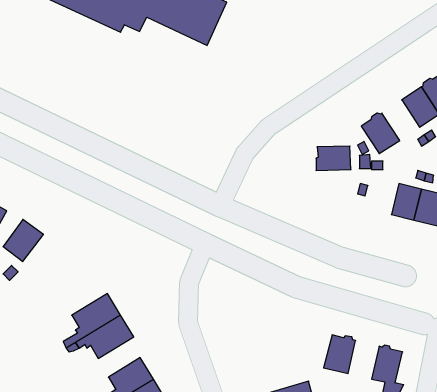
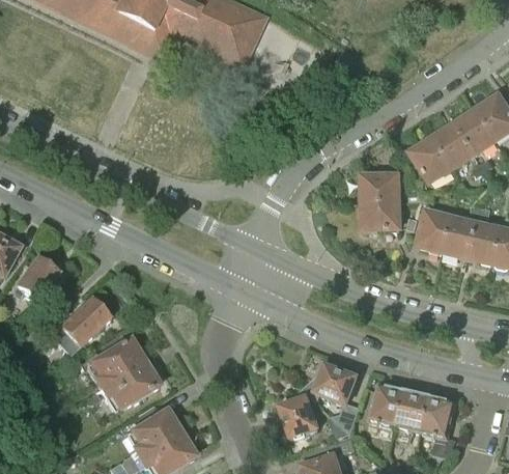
building: none -> [433,123,475,168]
building: none -> [361,200,399,228]
building: none -> [418,210,452,251]
building: none -> [60,296,111,345]
building: none -> [314,360,360,431]
building: none -> [396,387,430,431]
building: none -> [279,395,319,439]

